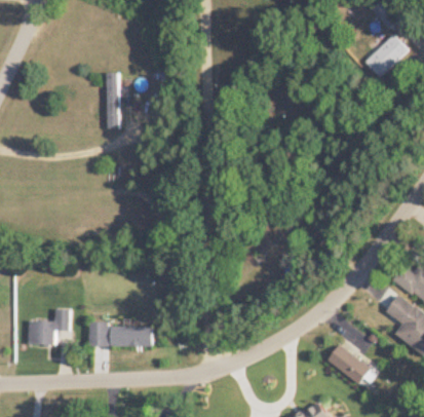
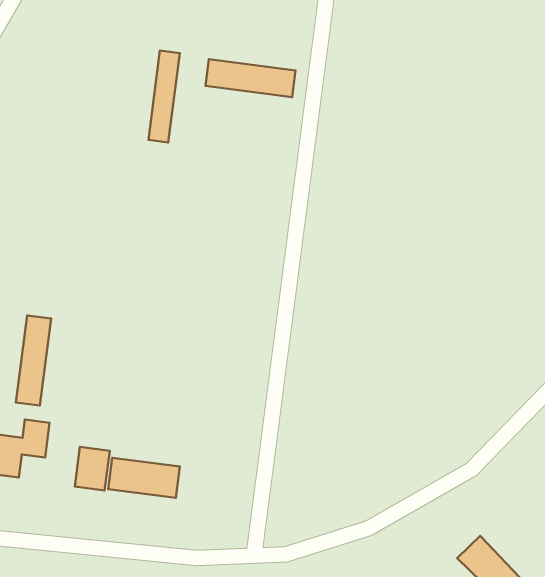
building: none -> [205,59,296,97]
building: none -> [16,315,51,406]

